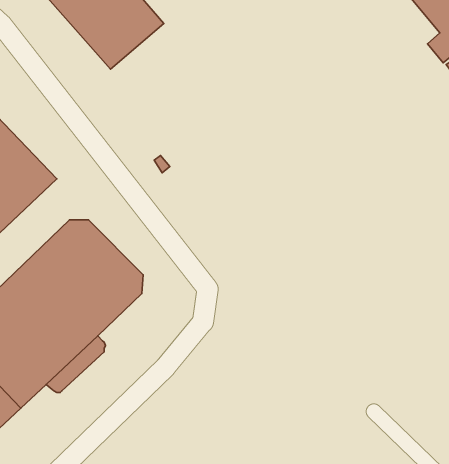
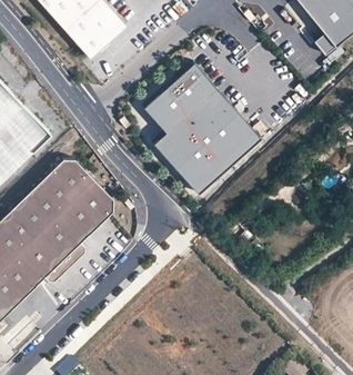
building: none -> [142,61,261,193]

